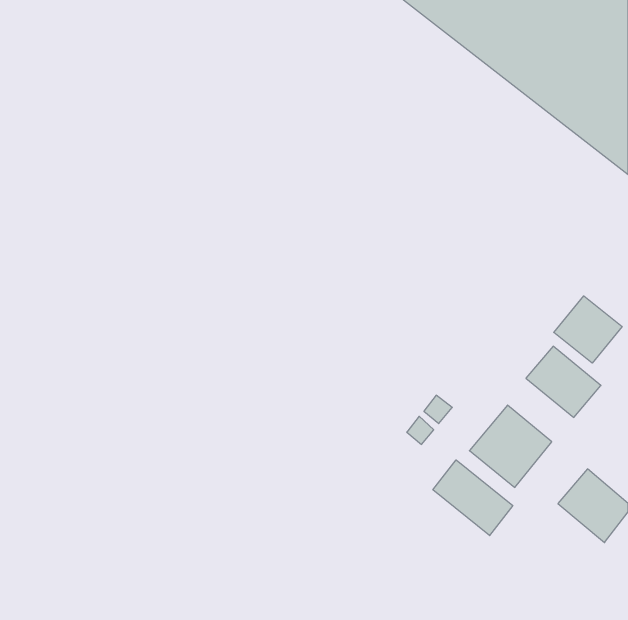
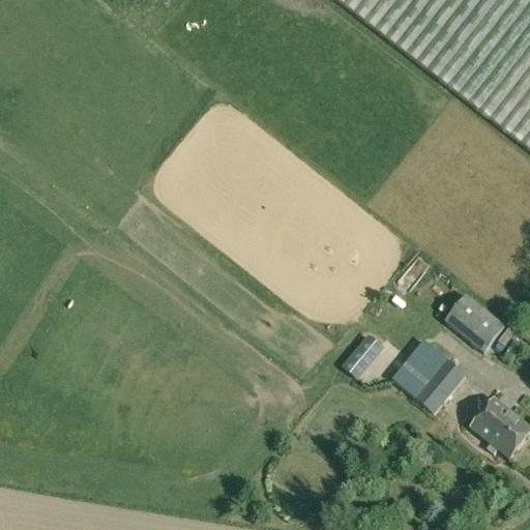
building: [554,296,622,363] -> none
building: [433,460,513,536] -> none

